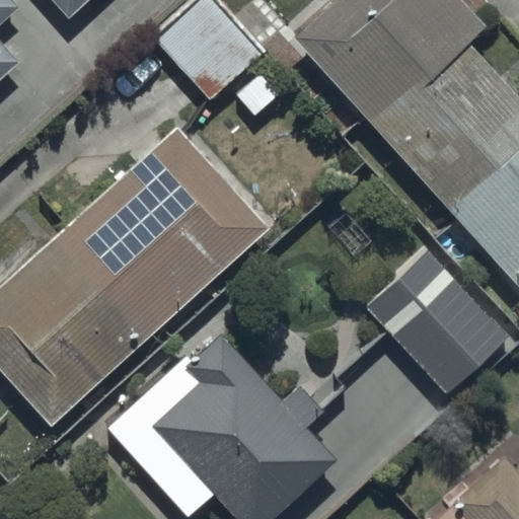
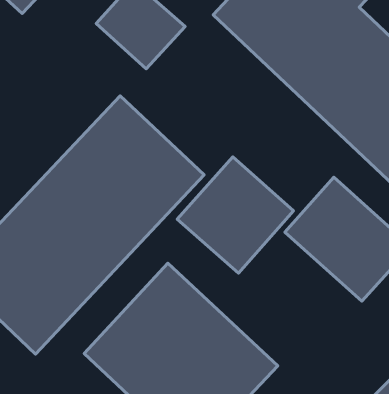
building: none -> [177,157,293,273]

